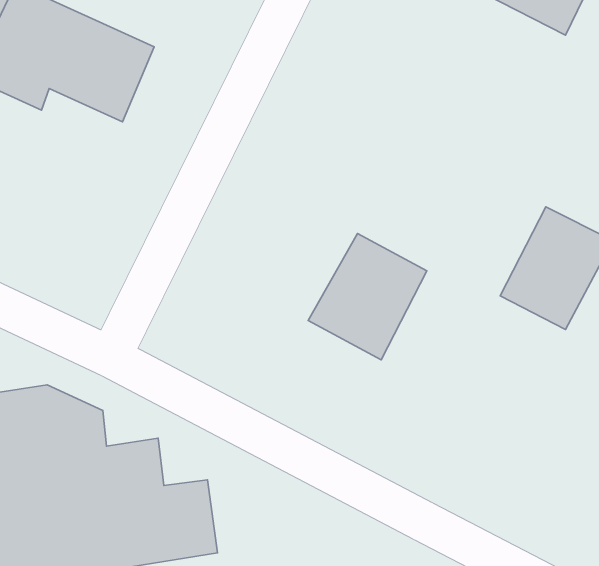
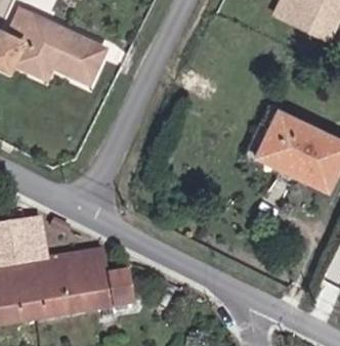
building: [308,233,427,360] -> [250,110,311,175]

